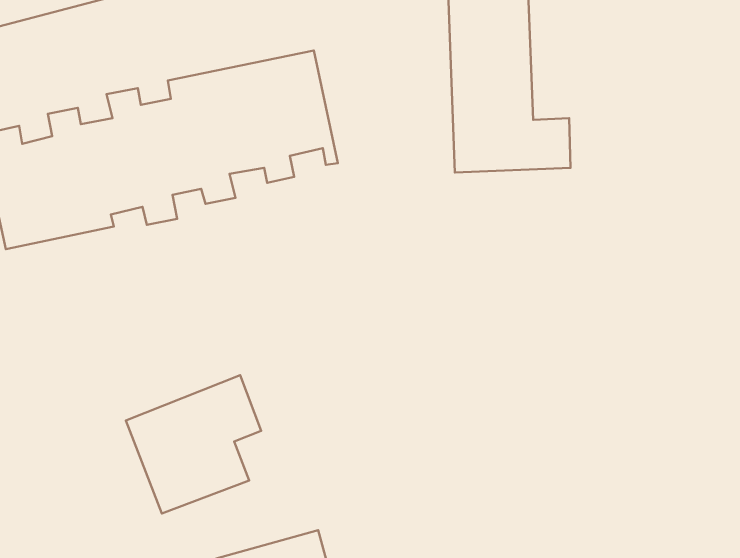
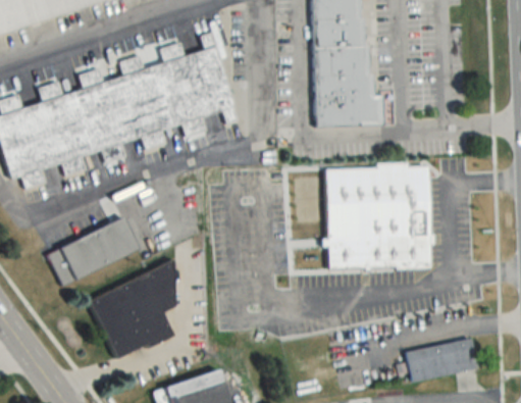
building: none -> [326,165,431,268]
building: none -> [47,219,140,284]
building: none -> [406,339,479,382]

